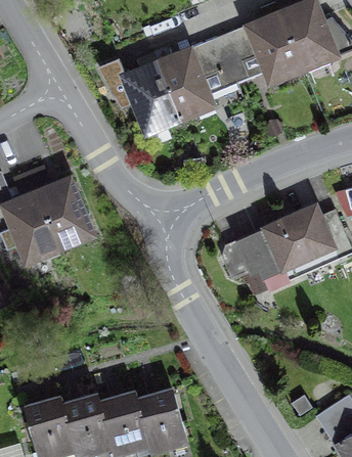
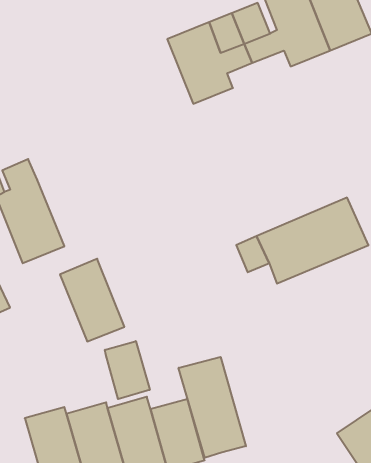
building: [95,50,178,136] -> none
building: [37,176,95,250] -> [60,259,124,341]
building: none -> [105,341,150,399]
building: none -> [179,357,246,458]

